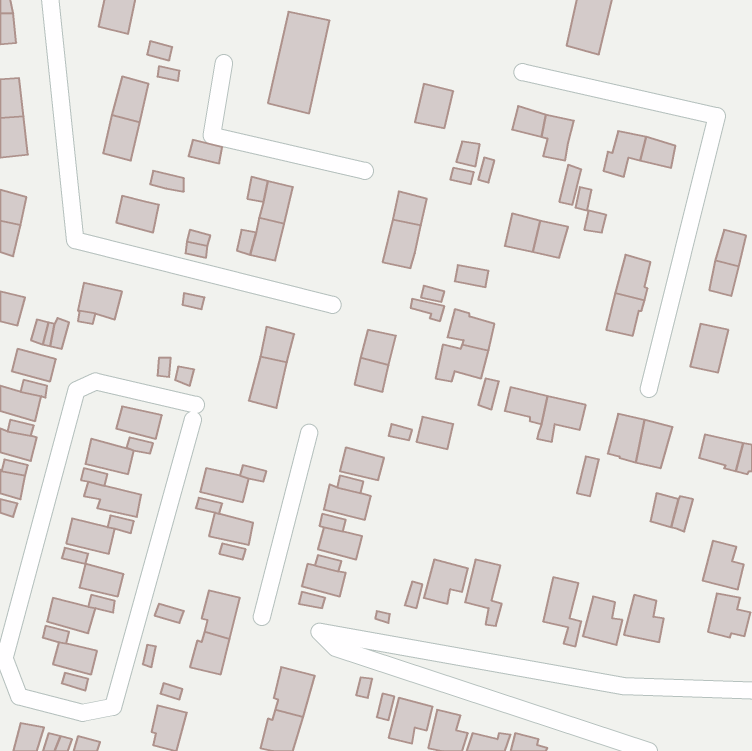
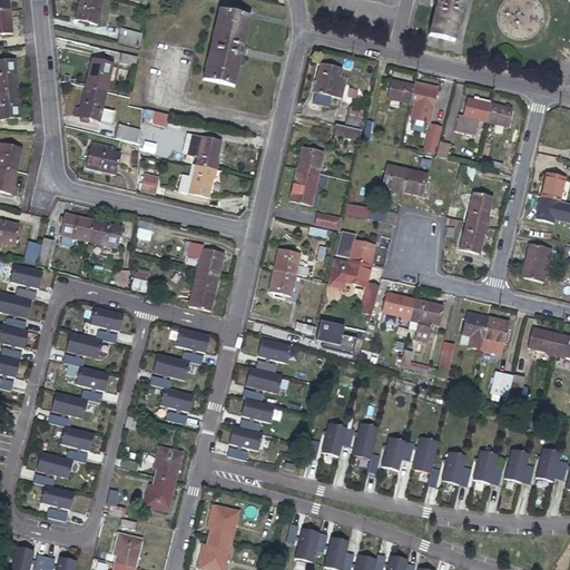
building: none -> [87,220,120,248]
building: none -> [175,327,208,353]
building: [703,541,744,589] -> [503,449,534,485]
building: none -> [381,436,414,471]

